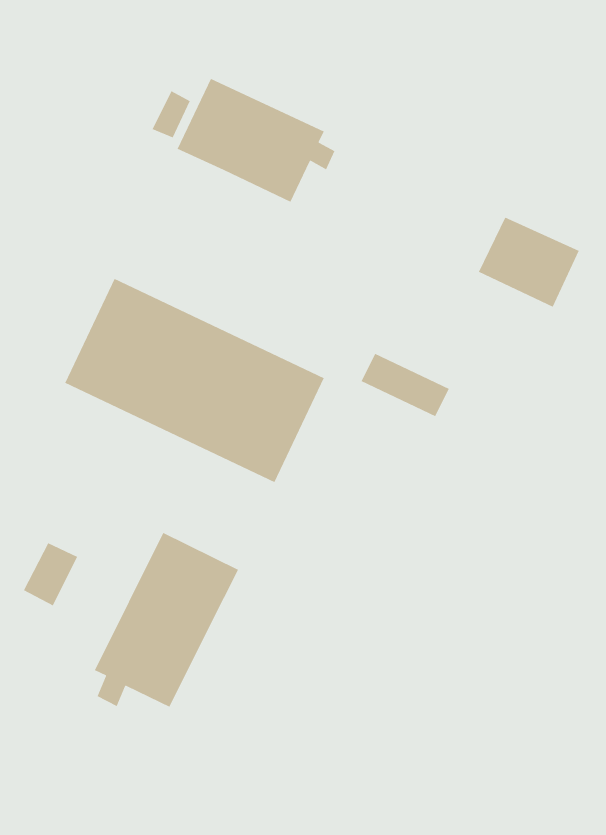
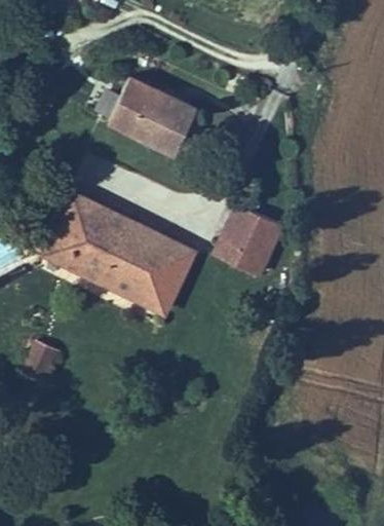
building: [478,217,580,308] -> [223,206,281,259]
building: [94,532,239,708] -> none

